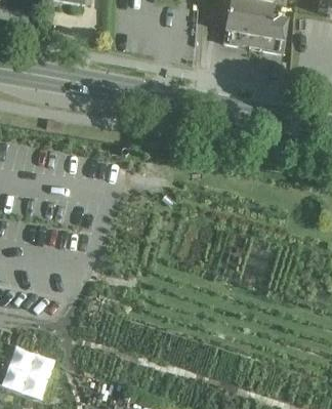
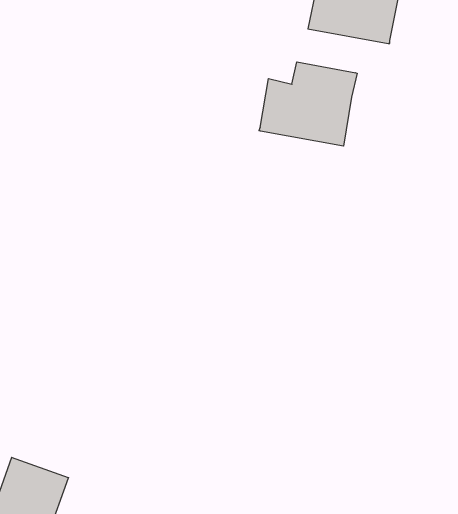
building: none -> [259,62,357,146]

